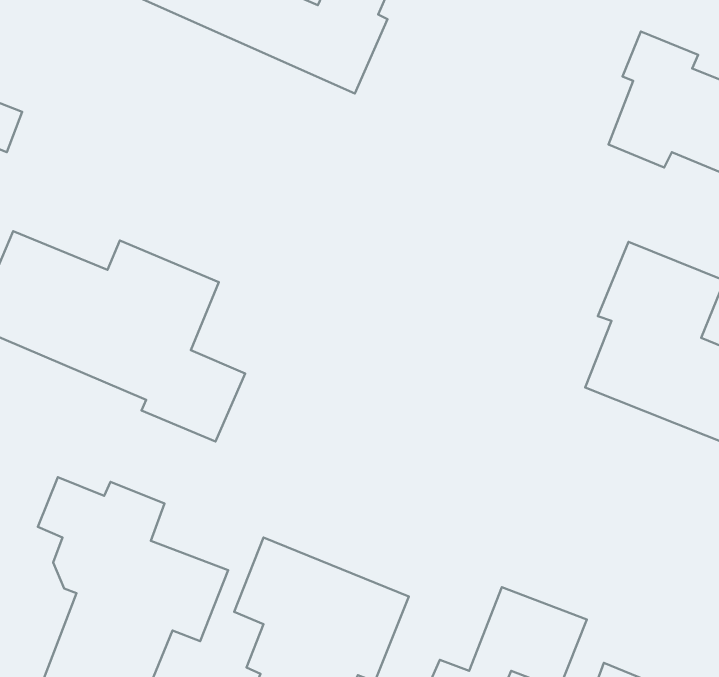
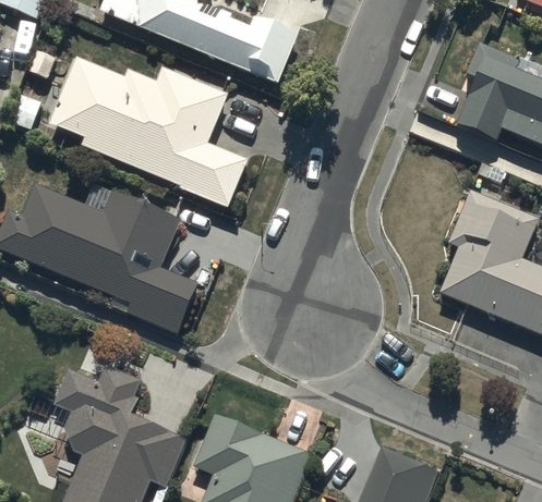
building: none -> [44,59,251,210]

